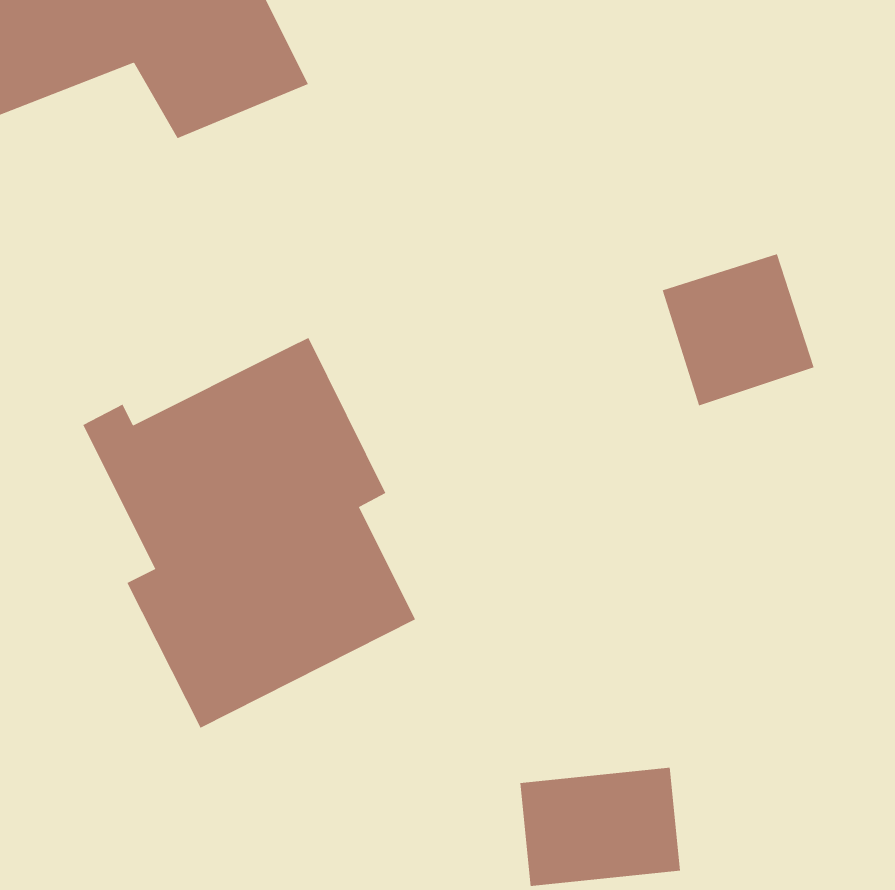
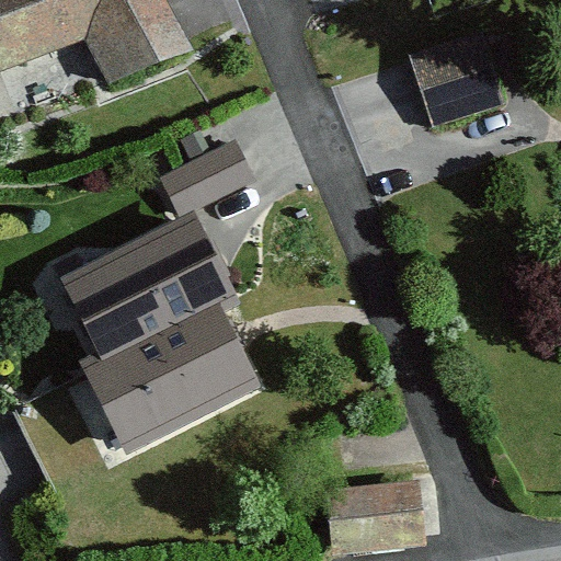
building: none -> [158,137,255,217]
building: [662,253,814,406] -> [409,30,504,125]

